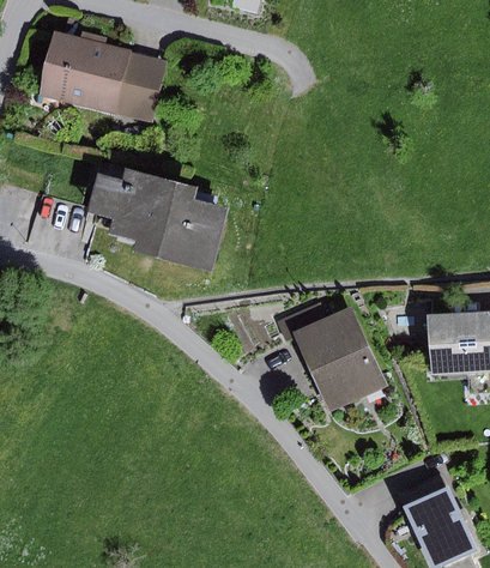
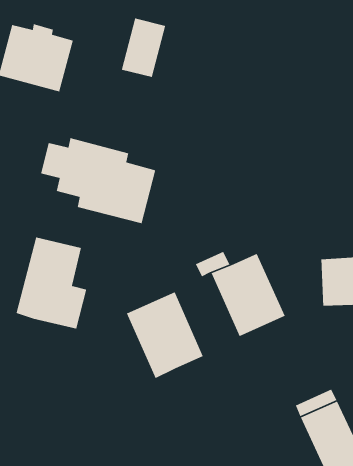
building: [111,50,167,123] -> [121,18,166,78]
building: none -> [16,237,87,329]
building: none -> [126,291,204,379]

